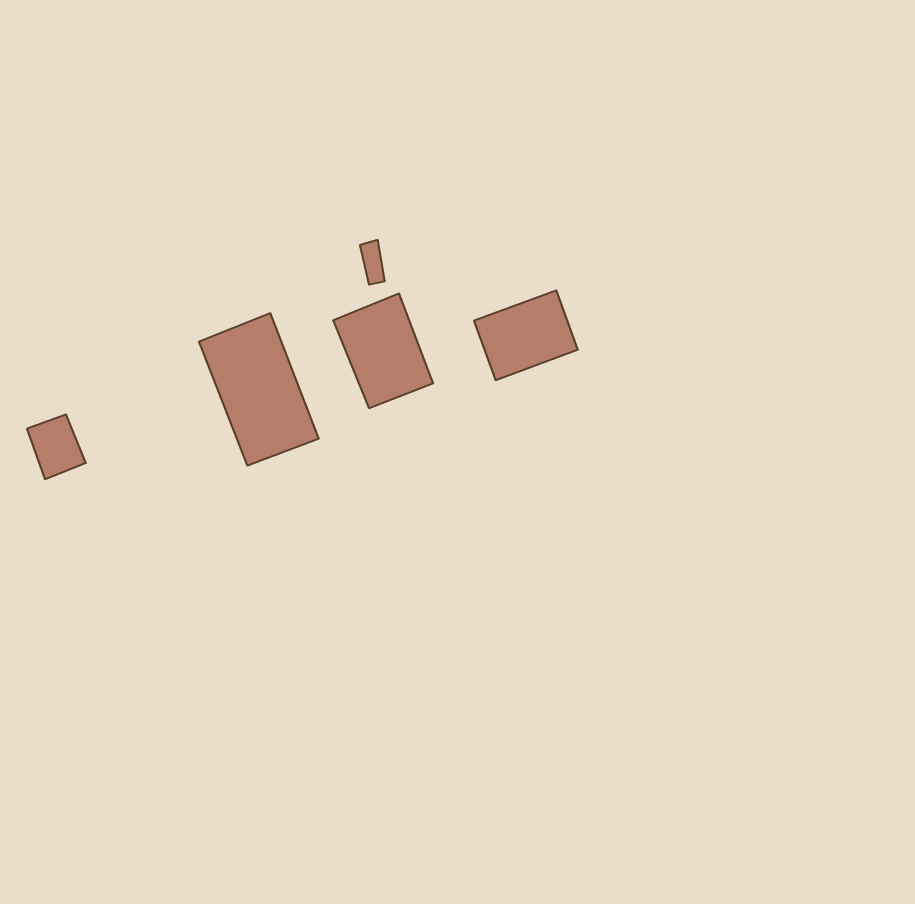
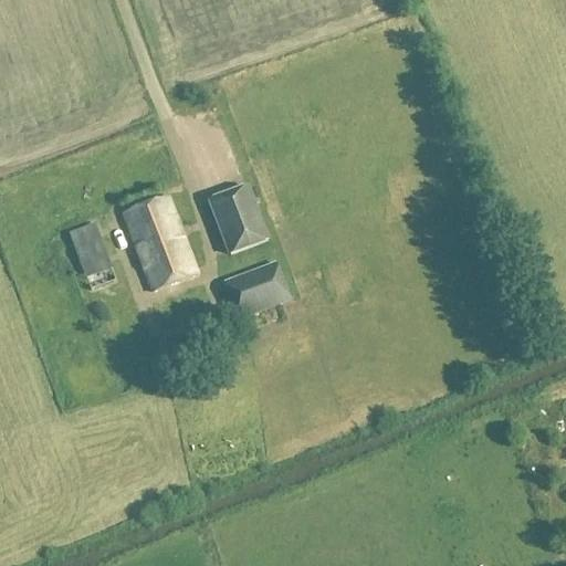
building: [474,290,578,380] -> [224,261,289,316]
building: [27,415,86,479] -> [70,221,106,261]

